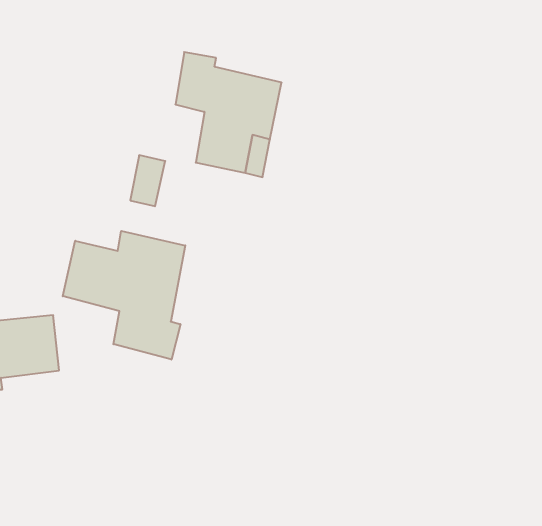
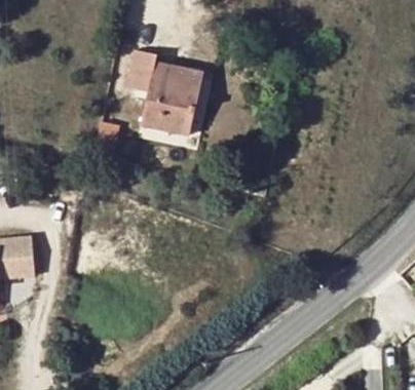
building: [63,231,185,360] -> none

